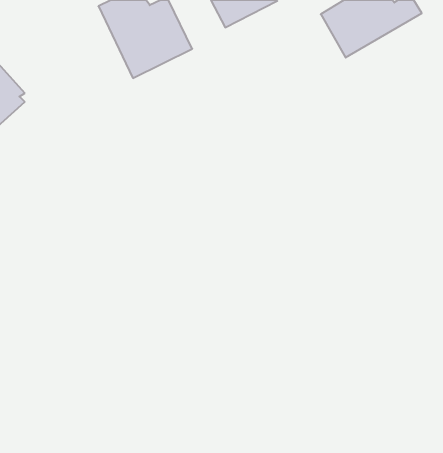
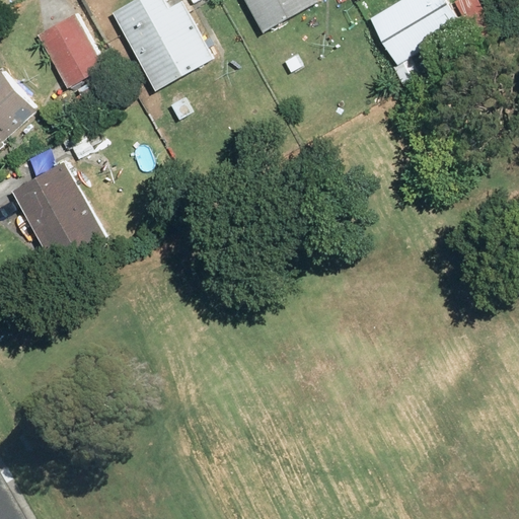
building: none -> [34,11,106,91]
building: none -> [11,160,102,261]

